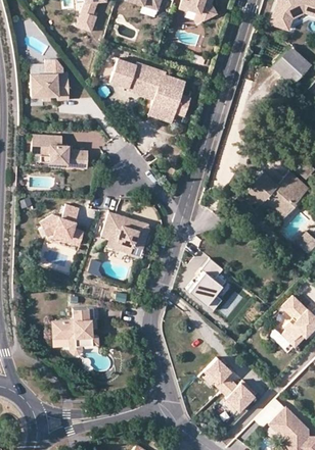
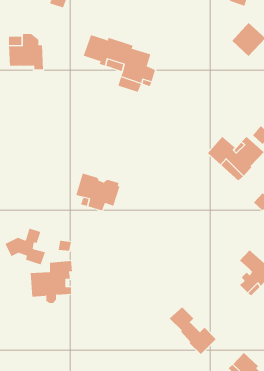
building: [27,134,85,166] -> none
building: [39,205,84,246] -> [5,228,46,265]
building: [186,258,226,310] -> none

